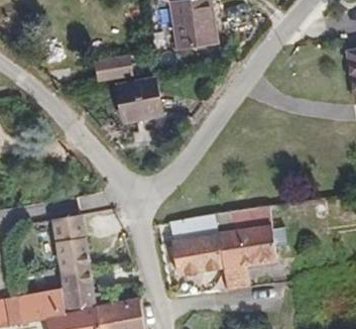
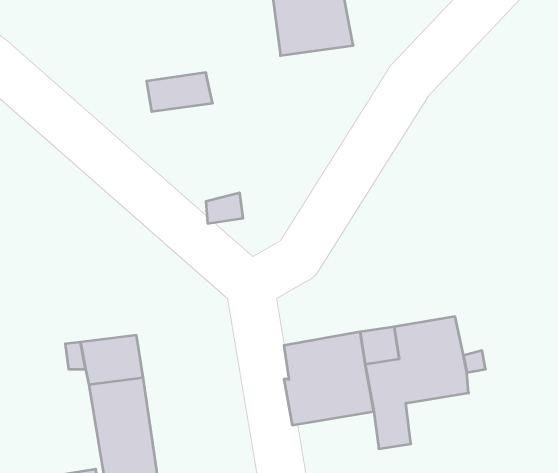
building: [109,84,151,125] -> none

